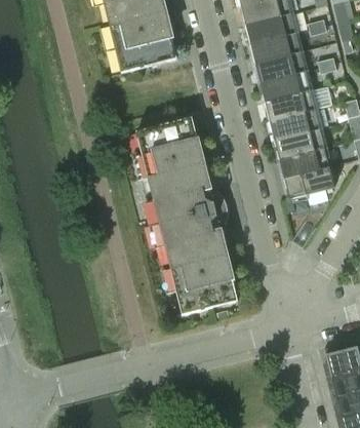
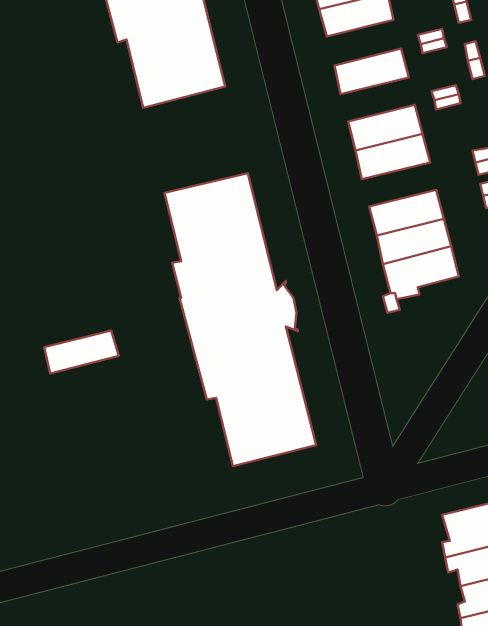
building: [247,14,297,45] -> none
building: [256,53,307,83] -> none
building: [271,111,321,141] -> none
building: none -> [44,330,119,373]

